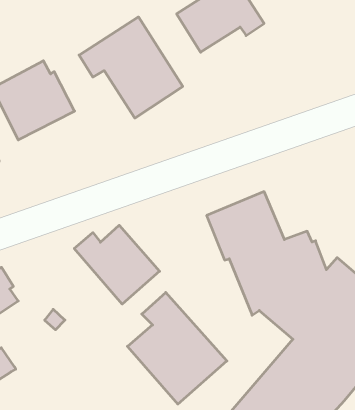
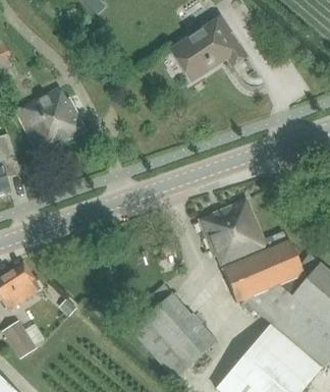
building: [79,17,183,118] -> none
building: [74,225,160,304] -> none

